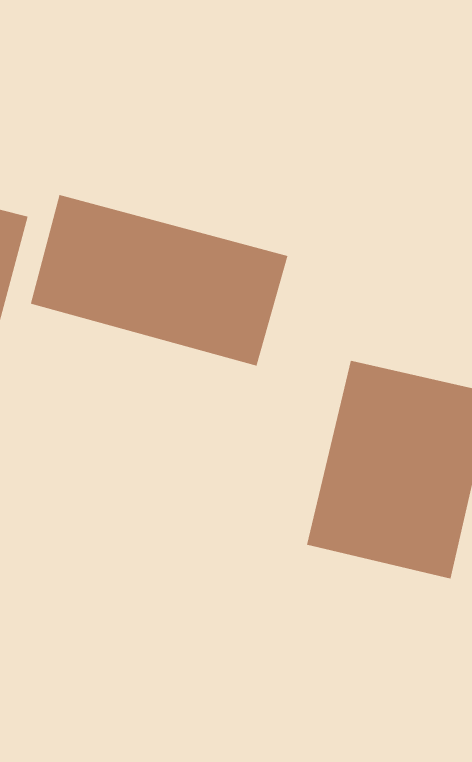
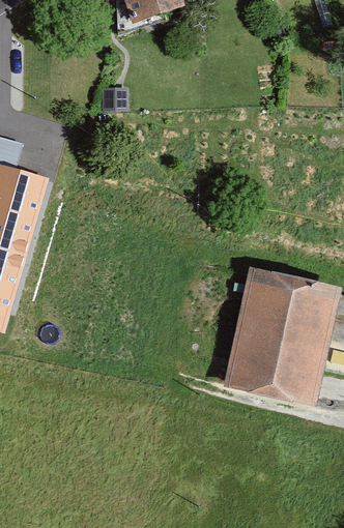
building: [30,194,288,366] -> none

